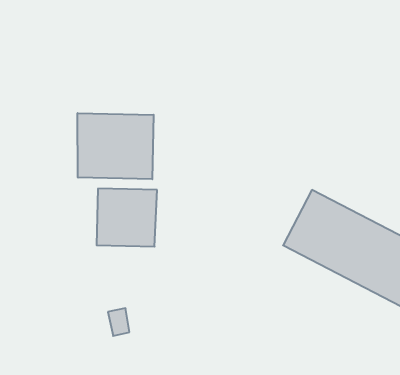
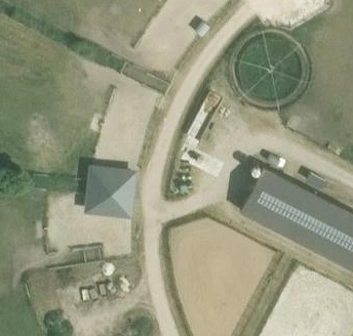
building: [78,113,154,179] -> none

